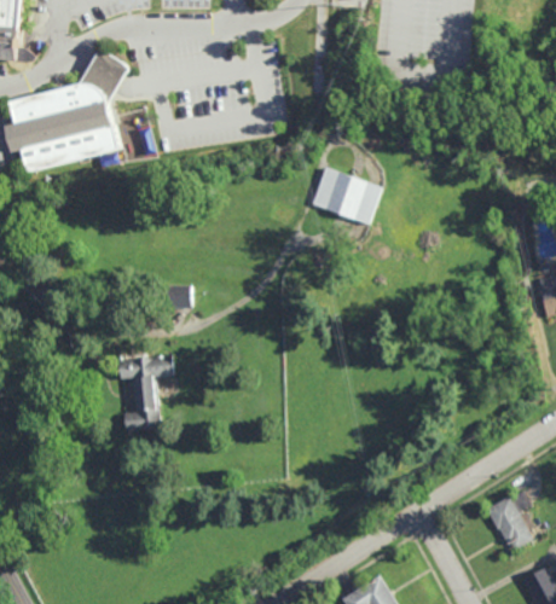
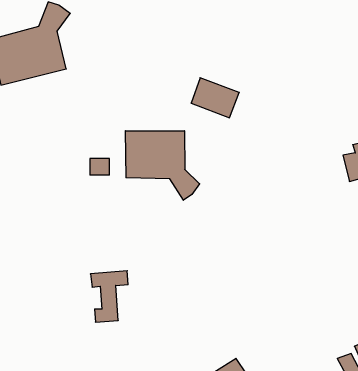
building: none -> [125,131,200,200]
building: [115,355,170,431] -> [90,271,128,322]
building: [487,499,534,552] -> none

